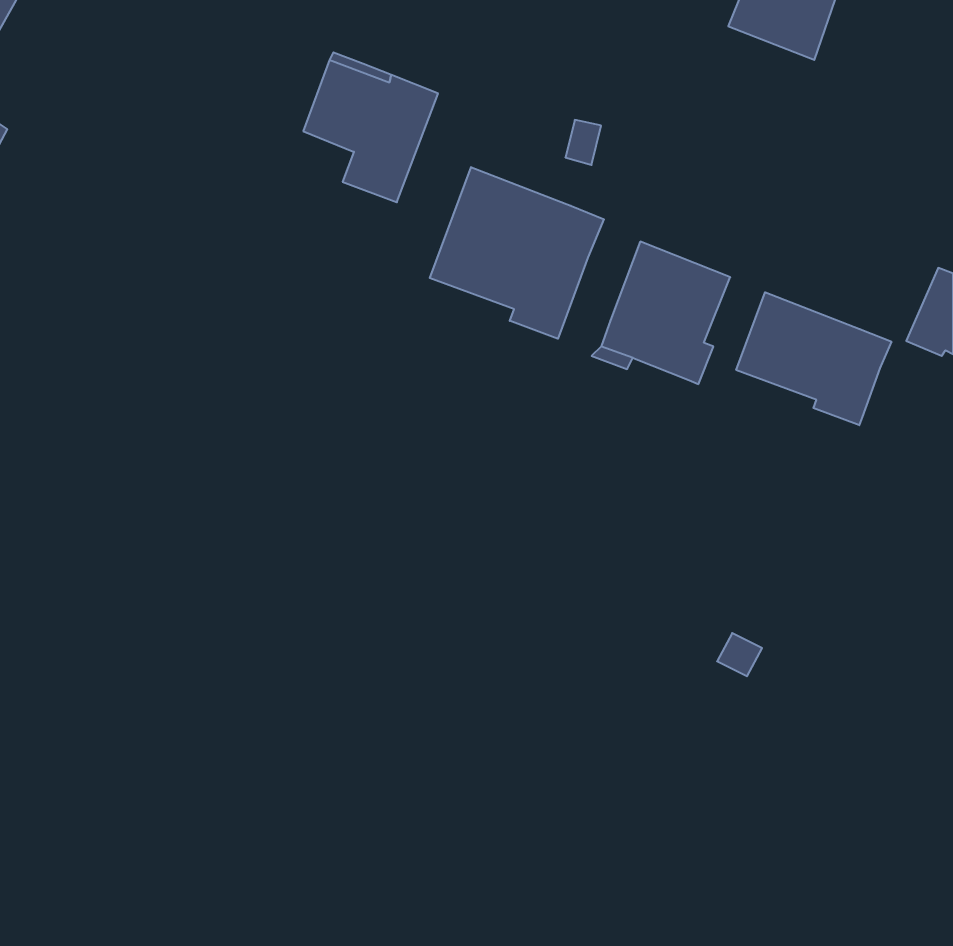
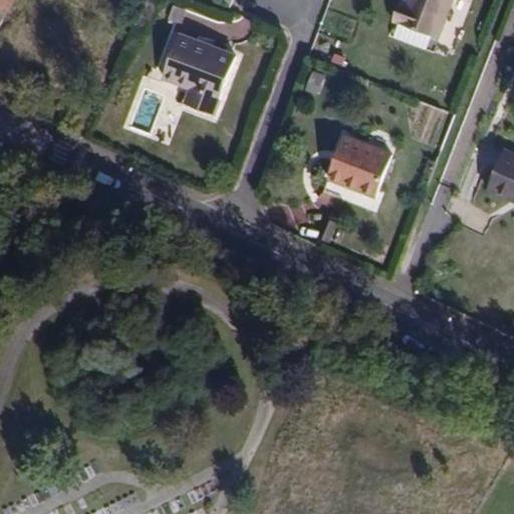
building: [430,167,604,339] -> none
building: [736,292,891,425] -> none

